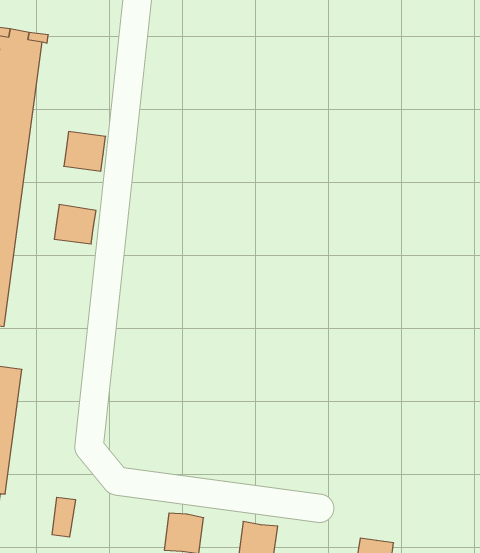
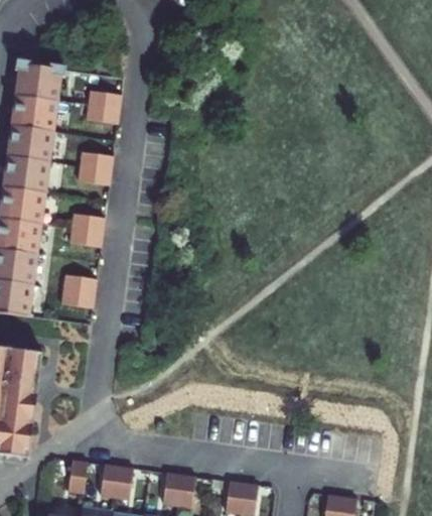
building: none -> [86,91,121,123]
building: none -> [61,274,97,307]
building: none -> [100,464,133,499]

